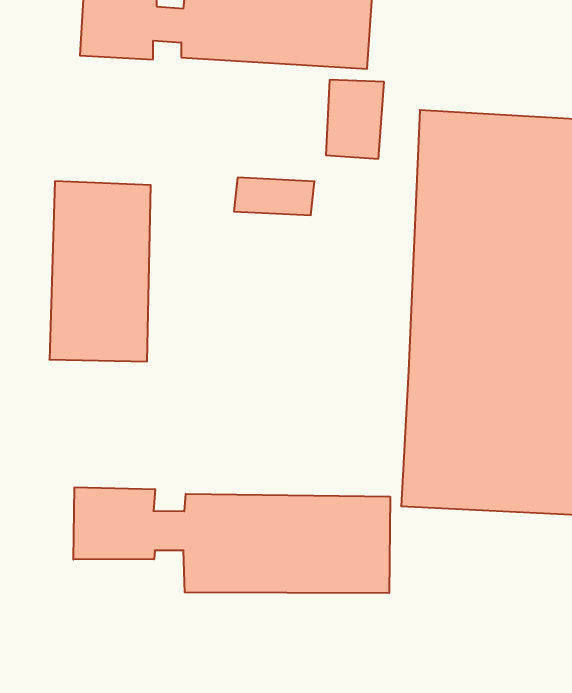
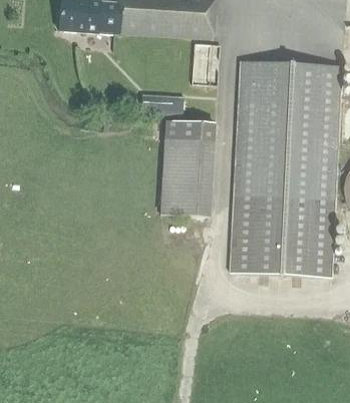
building: [49,181,151,361] -> [160,116,215,213]
building: [73,487,390,593] -> none

